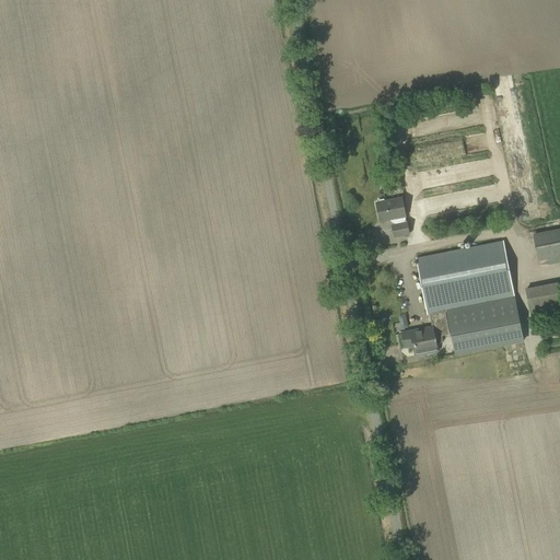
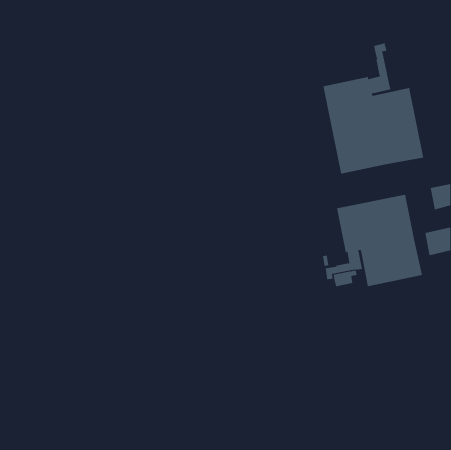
building: none -> [323,42,424,175]
building: [376,197,409,236] -> none

